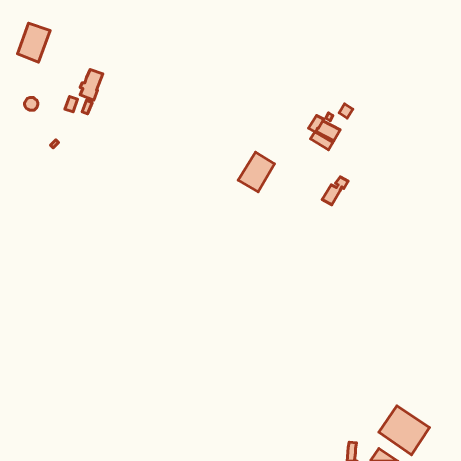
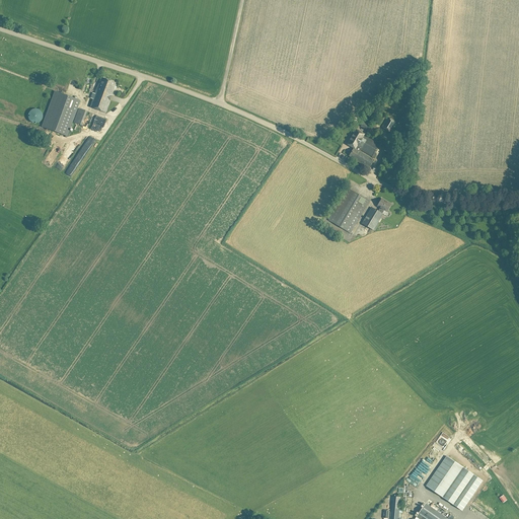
building: [18,23,50,62] -> [43,92,79,136]
building: [238,152,274,192] -> [328,189,369,233]

